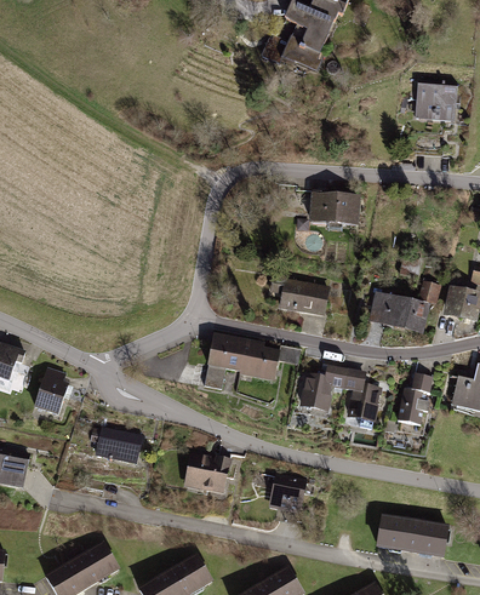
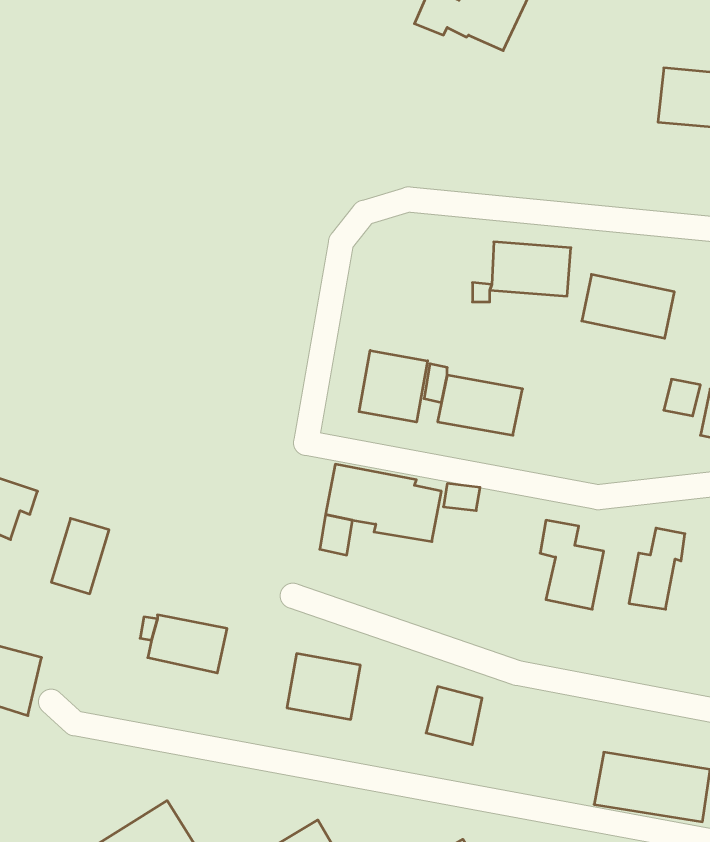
building: none -> [359,350,428,422]
building: [367,291,425,331] -> [582,274,674,338]
building: [297,364,344,411] -> none

